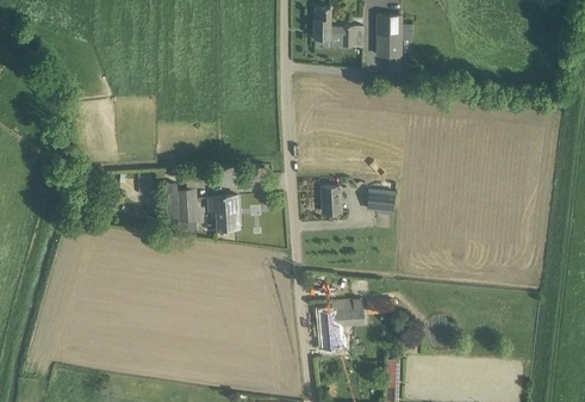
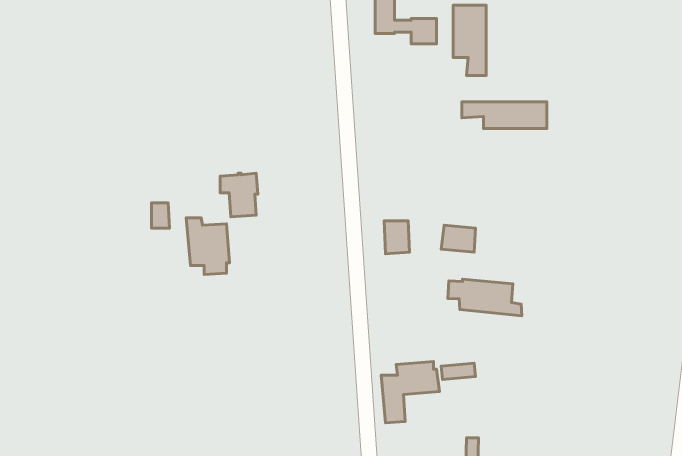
building: none -> [462,102,547,129]
building: [207,196,237,230] -> [220,173,258,217]
building: none -> [448,279,522,316]

